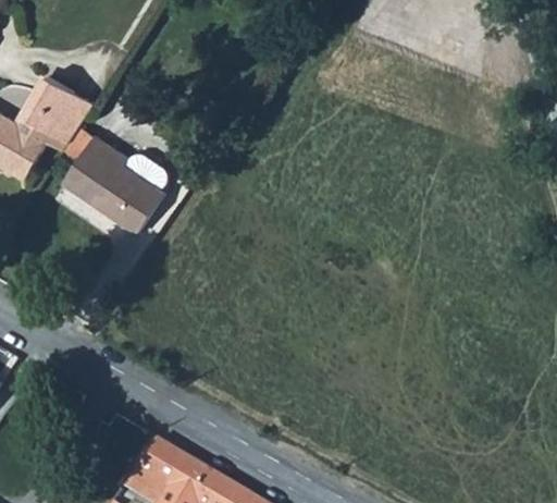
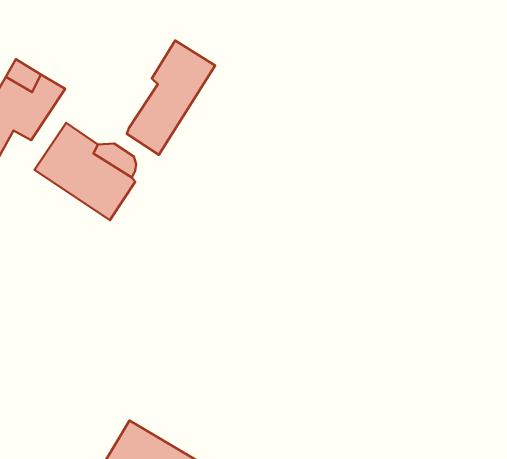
building: none -> [127,40,215,155]

